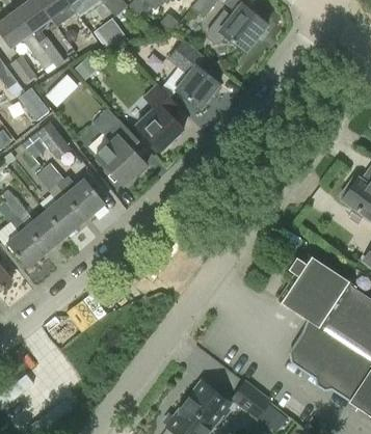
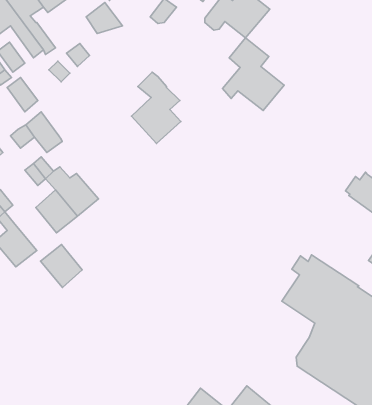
building: [162,39,220,108] -> [223,38,284,111]
building: [94,107,148,185] -> none
building: [27,211,67,251] -> [41,245,82,288]

